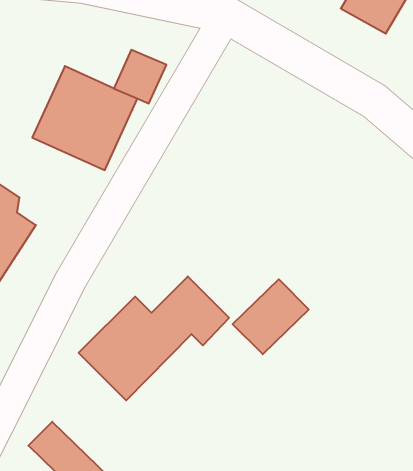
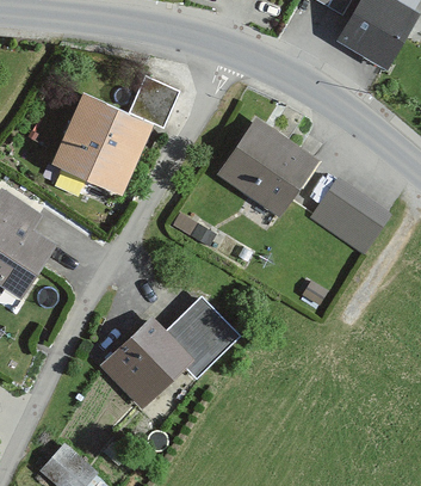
building: none -> [217,110,318,208]
building: none -> [314,174,390,246]
building: [233,279,309,354] -> none

